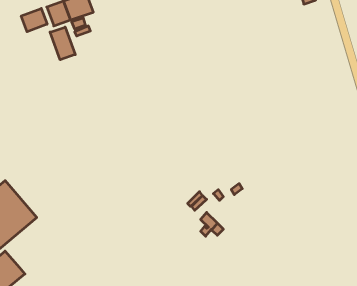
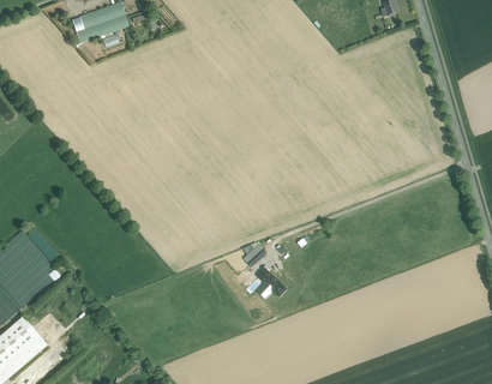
building: [21,8,47,32] -> none
building: [50,27,75,60] -> none

